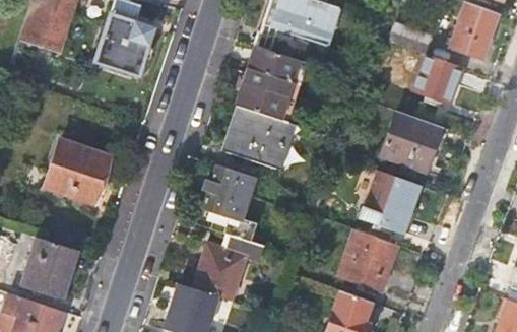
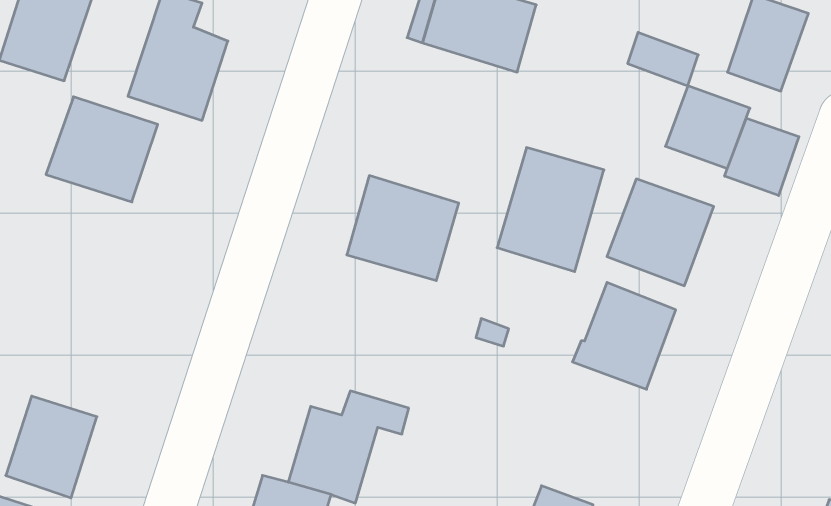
building: [236,48,299,121] -> [497,148,604,272]
building: none -> [725,118,799,196]
building: [47,142,113,204] -> [46,97,158,202]
building: [201,165,256,222] -> none
building: [338,229,398,290] -> none

